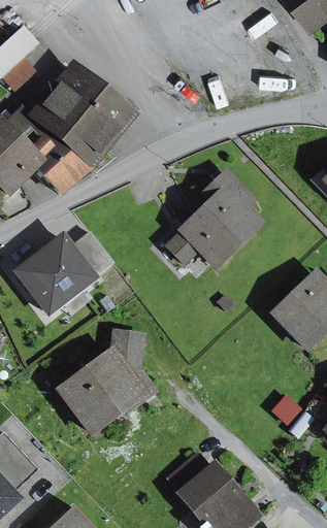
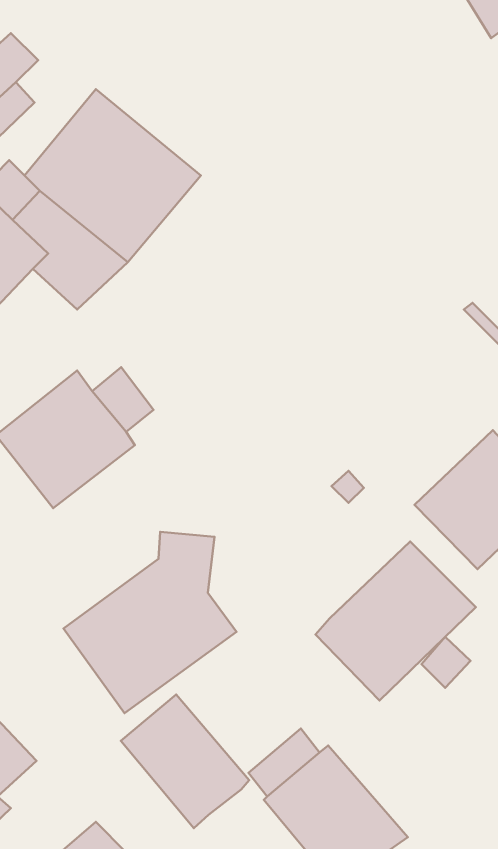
building: [164,168,263,270] -> none
building: none -> [315,541,476,701]
building: none -> [121,694,249,828]

